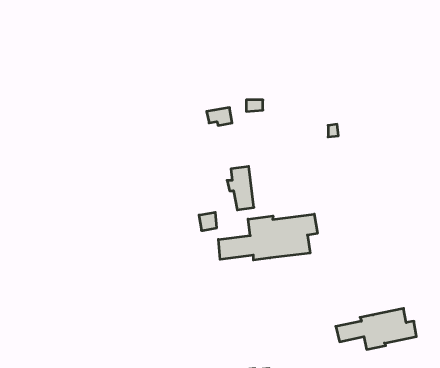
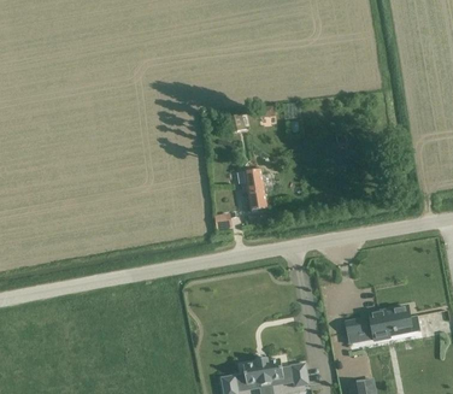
building: [218,214,317,260] -> none

